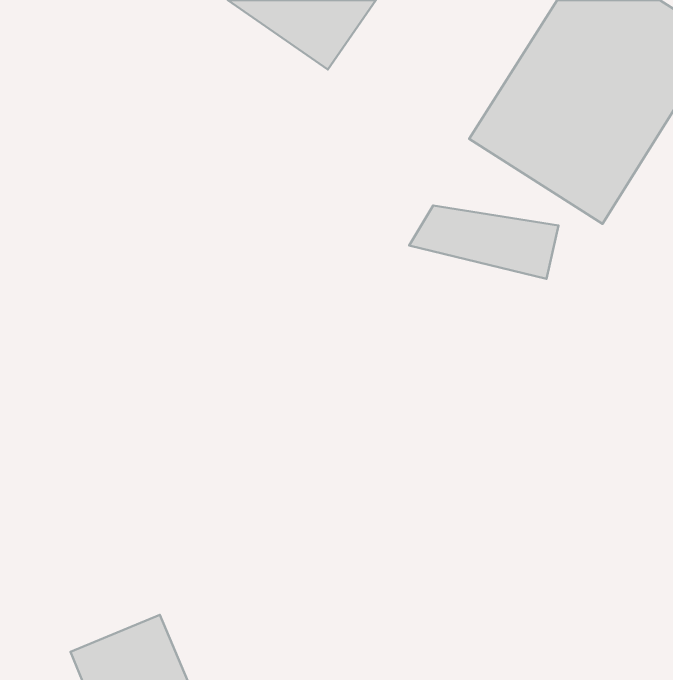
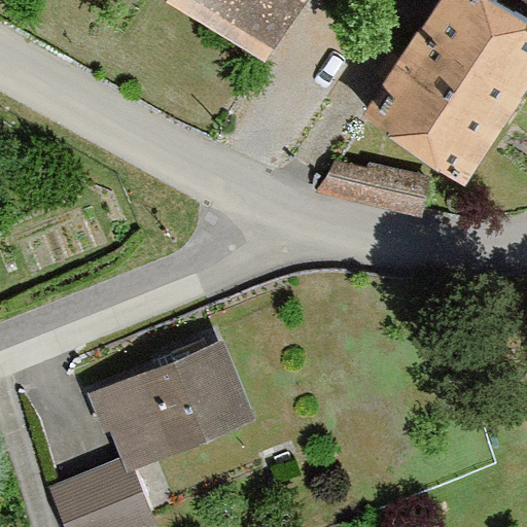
building: none -> [93,339,250,472]

